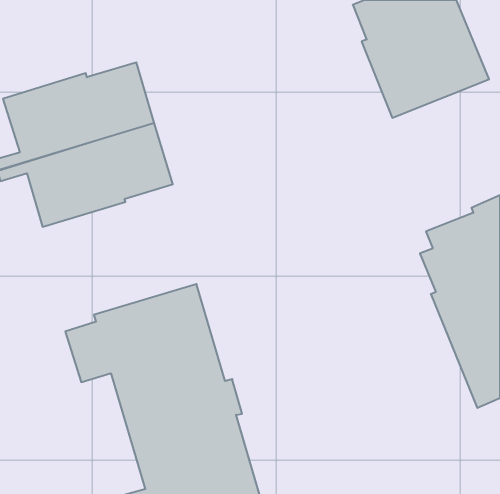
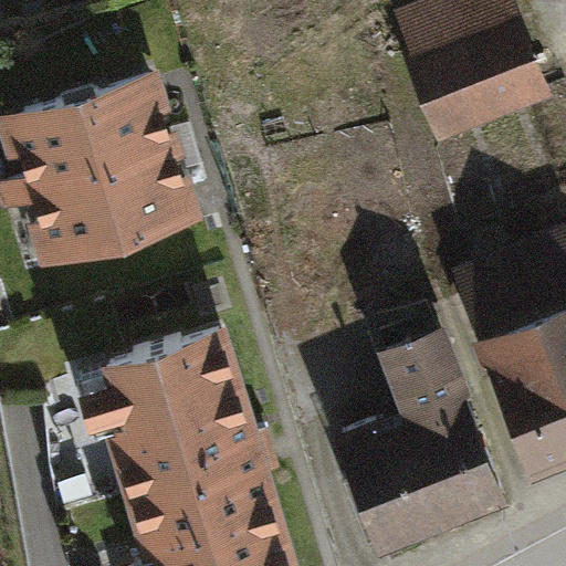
building: none -> [336,328,509,554]

